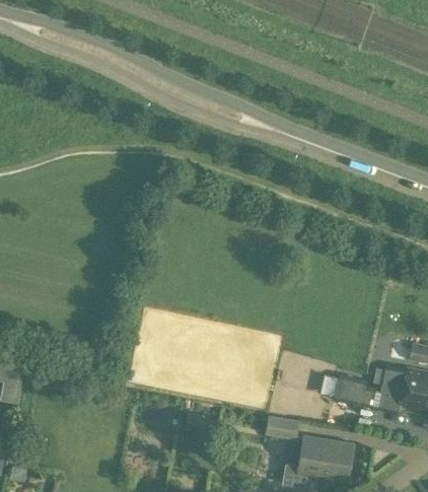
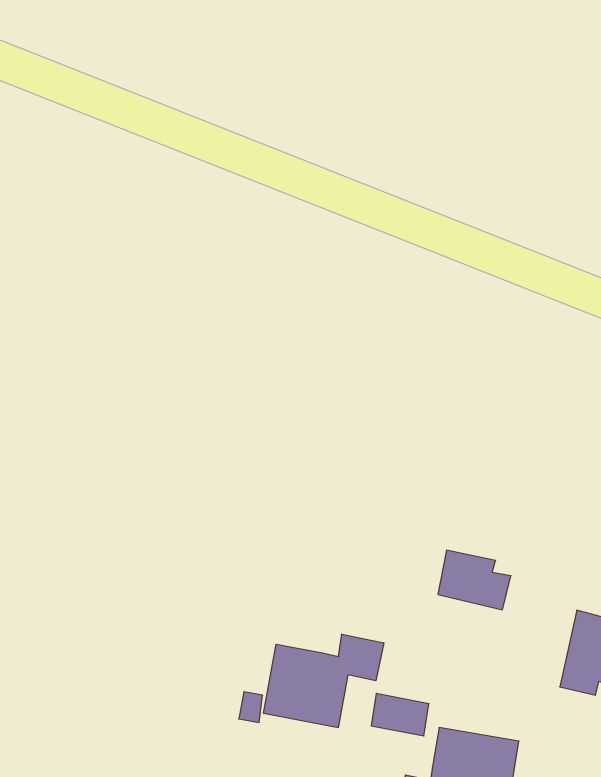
building: [334,374,377,410] -> [438,550,511,610]
building: none -> [264,634,384,728]

